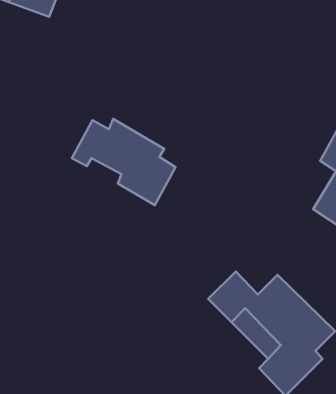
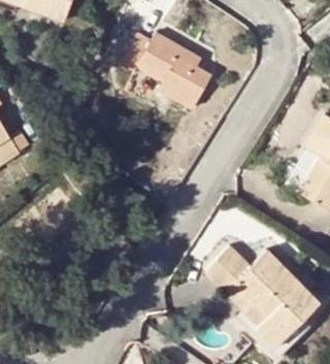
building: [72,119,176,205] -> [119,31,211,108]

